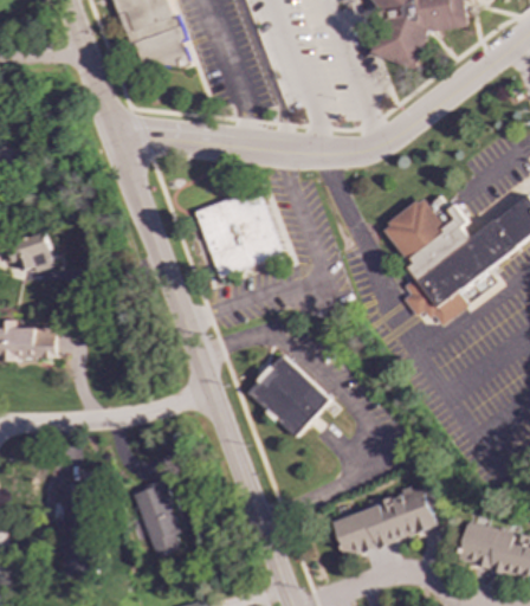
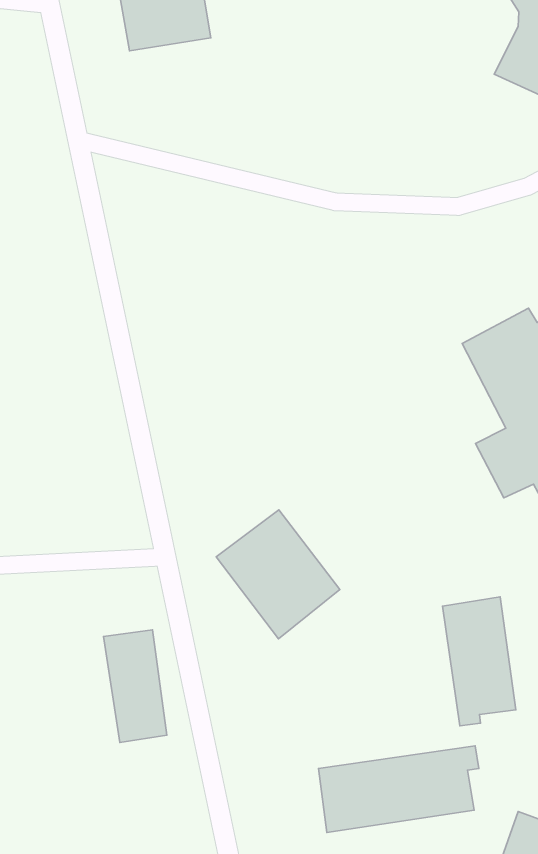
building: [196,189,282,275] -> none
building: none -> [442,597,516,726]
building: [132,481,183,556] -> [103,630,167,742]

